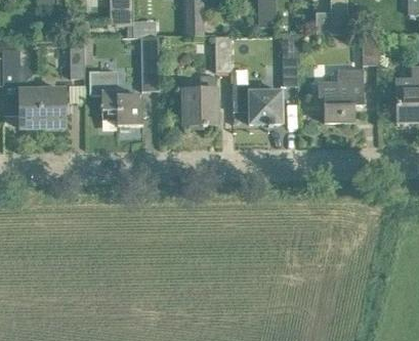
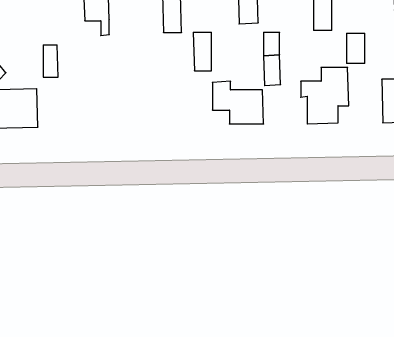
building: [140,37,159,90] -> none
building: [88,70,142,125] -> none
building: [183,76,216,124] -> none

